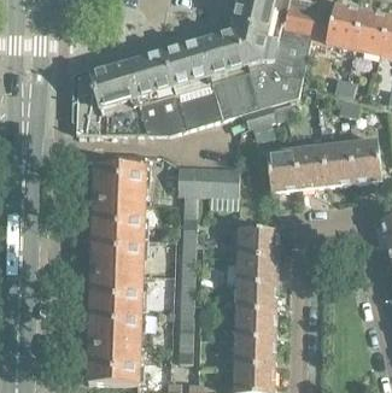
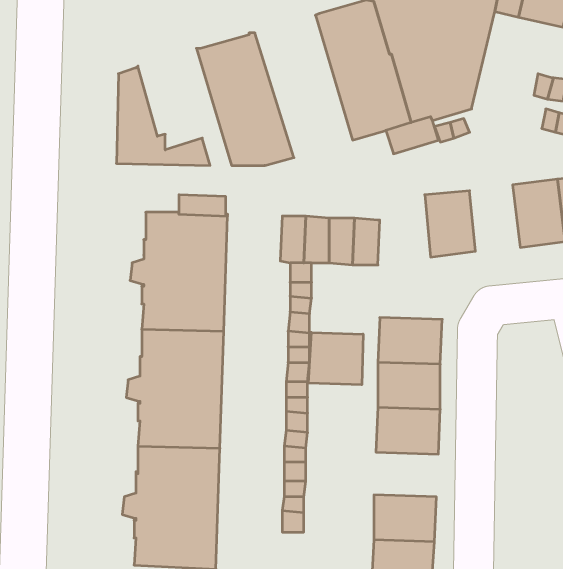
building: [162,41,222,129] -> none
building: [89,61,147,134] -> none
building: [294,146,326,187] -> none
building: none -> [308,332,363,385]
building: [235,311,275,339] -> none

